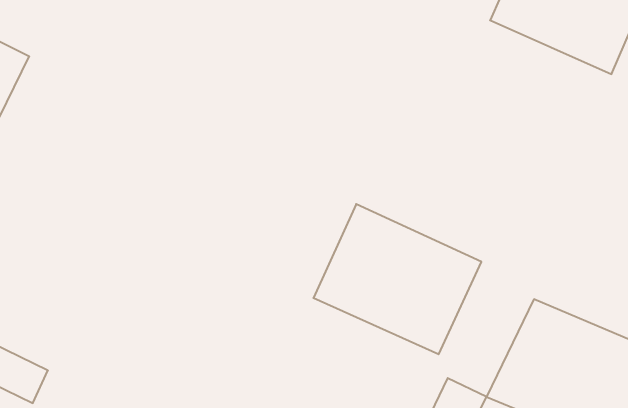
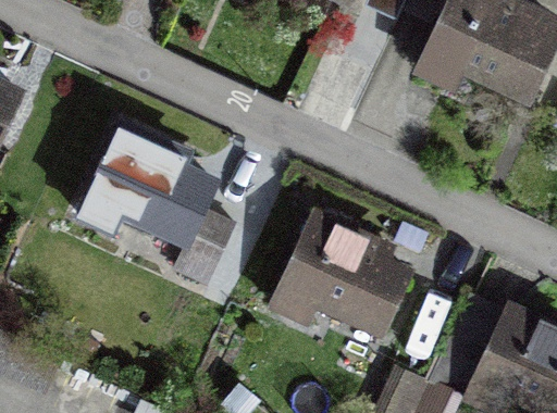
building: none -> [81,127,222,254]

